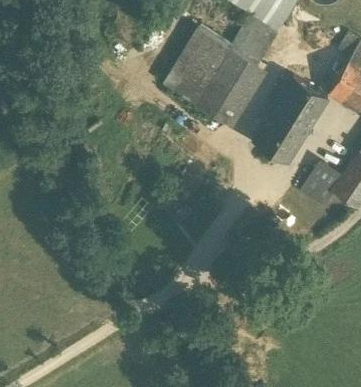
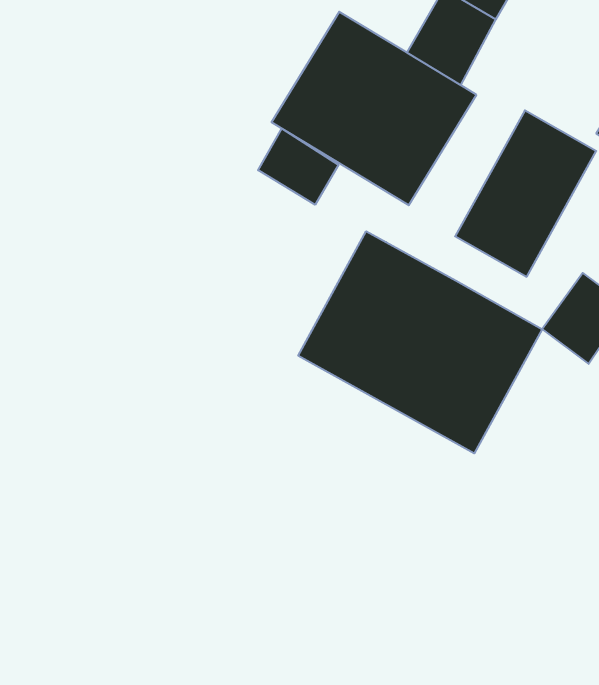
building: none -> [258,128,338,205]
building: none -> [298,231,542,453]

